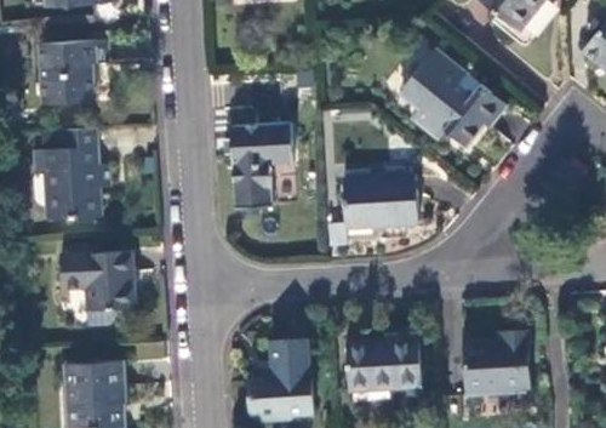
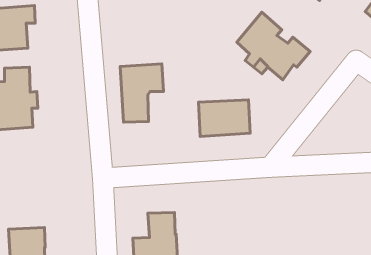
building: [59,251,135,310] -> none
building: [464,330,530,389] -> none
building: [347,333,422,390] -> none

